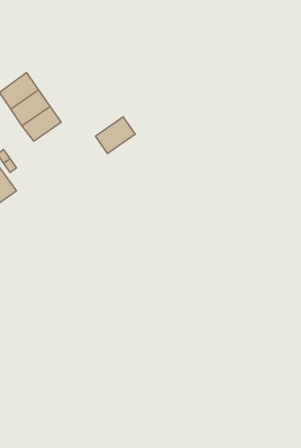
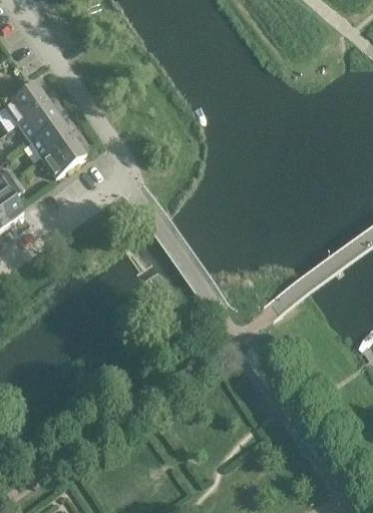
building: [96,117,135,154] -> [42,135,85,175]

